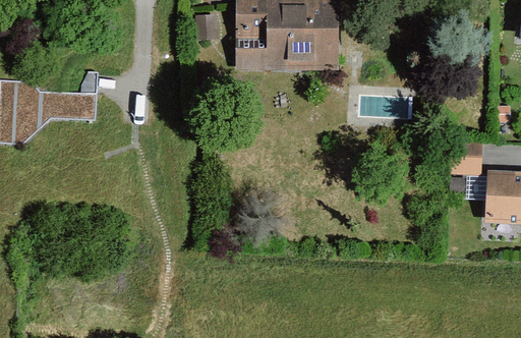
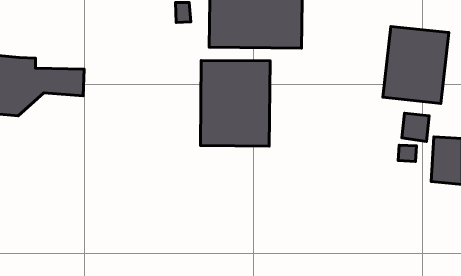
building: none -> [383,26,449,103]
building: none -> [200,60,270,146]

